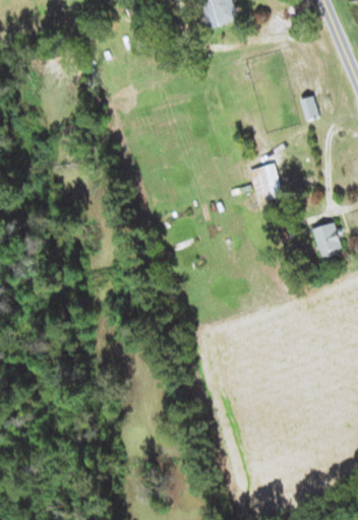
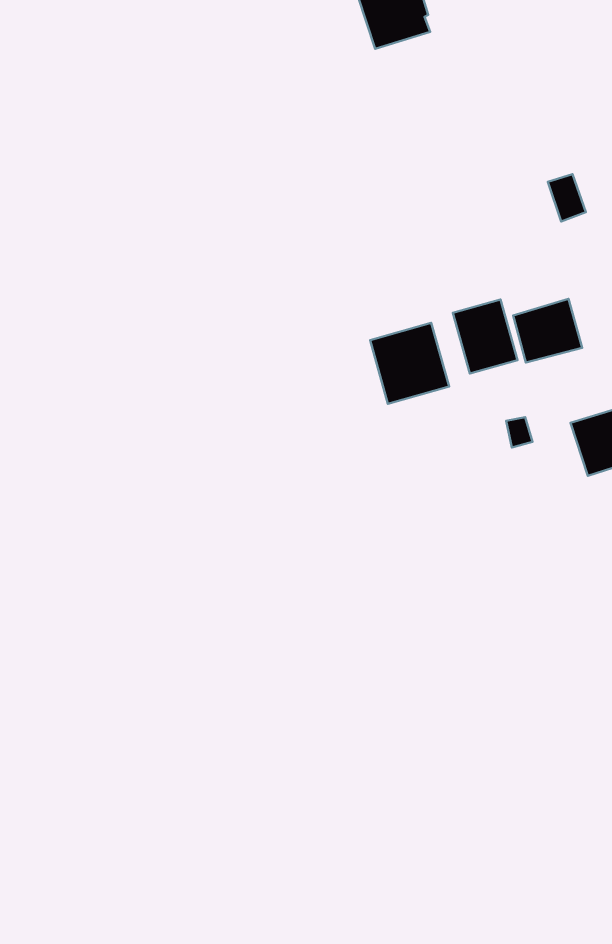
building: none -> [513,299,582,363]
building: none -> [370,323,449,404]

